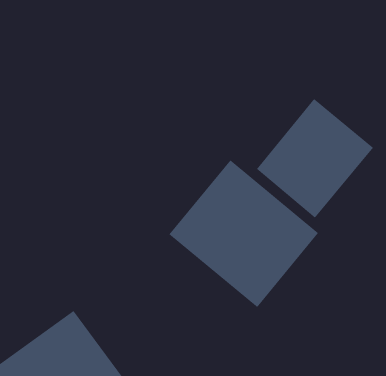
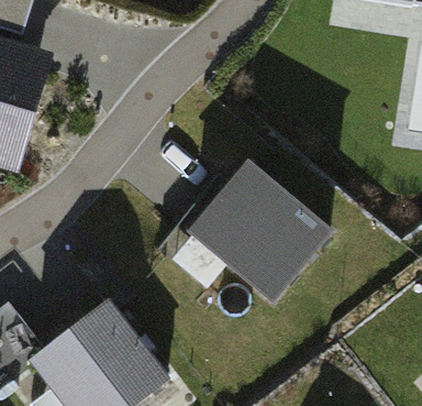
building: [256,98,374,218] -> none

